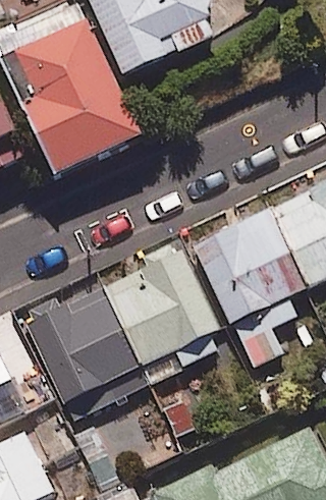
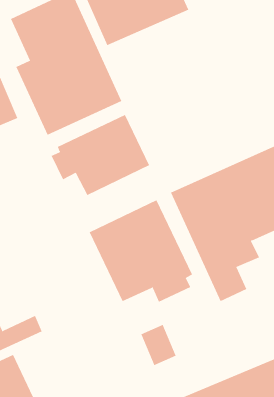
building: none -> [51,114,150,196]
building: [26,286,141,401] -> none

